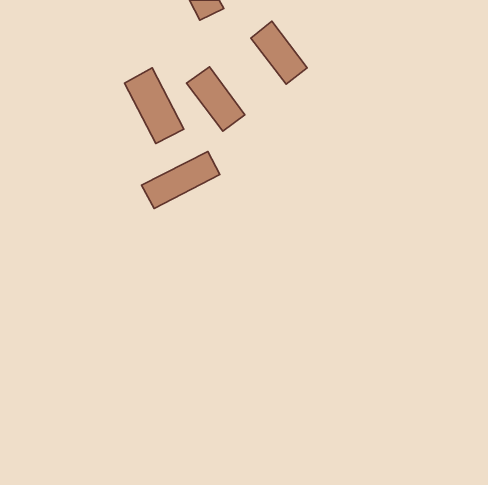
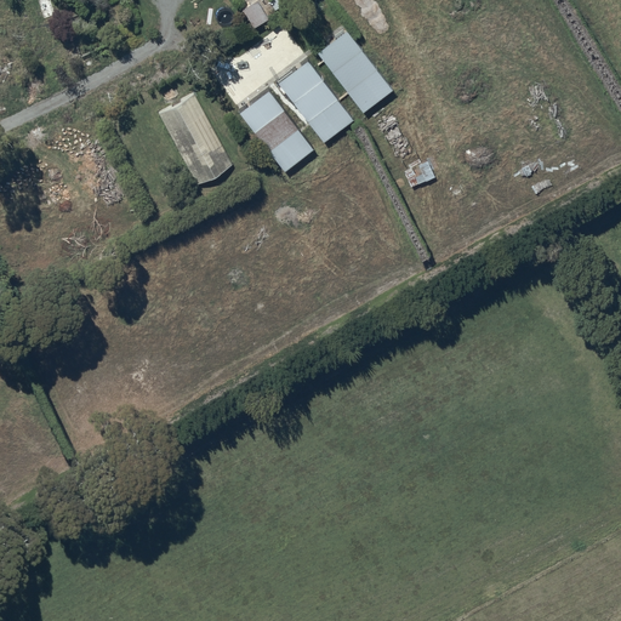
building: none -> [278,61,354,146]
building: [141,152,220,208] -> none

